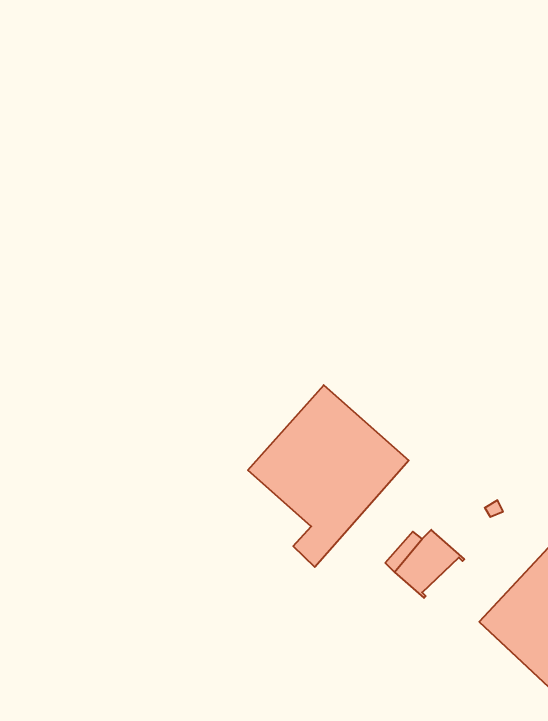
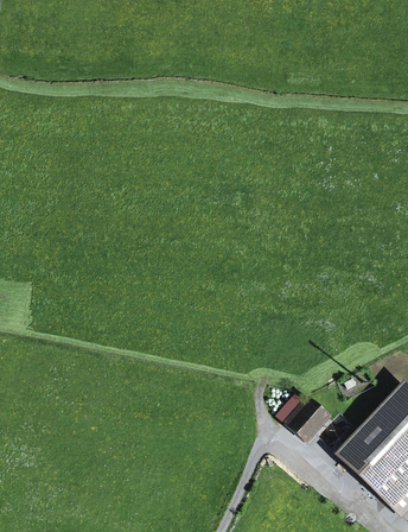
building: [248,385,409,567] -> none

